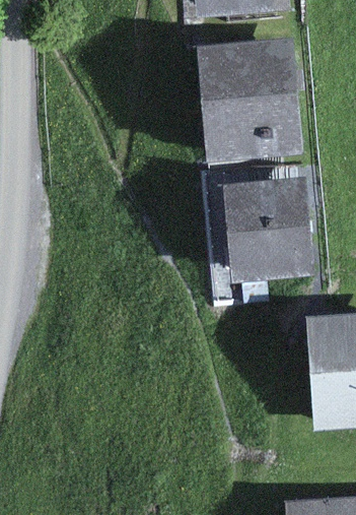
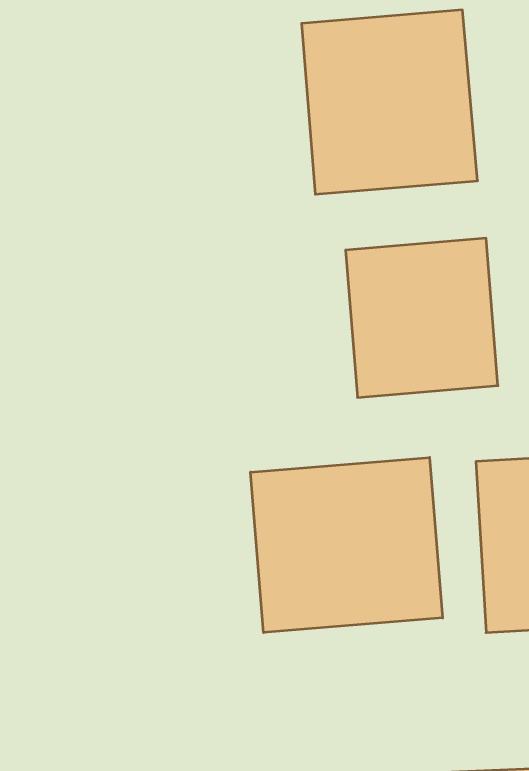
building: none -> [251,457,443,633]

